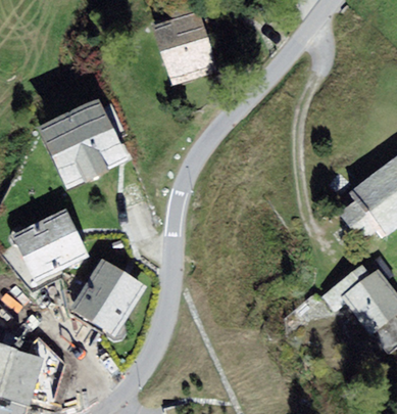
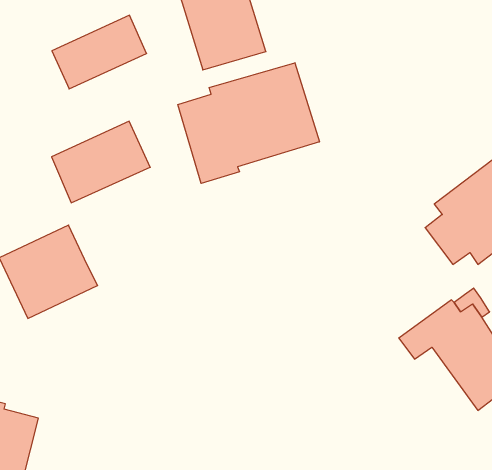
building: none -> [178,63,319,183]
building: [40,97,113,154] -> [52,15,147,89]
building: [69,259,148,337] -> none

